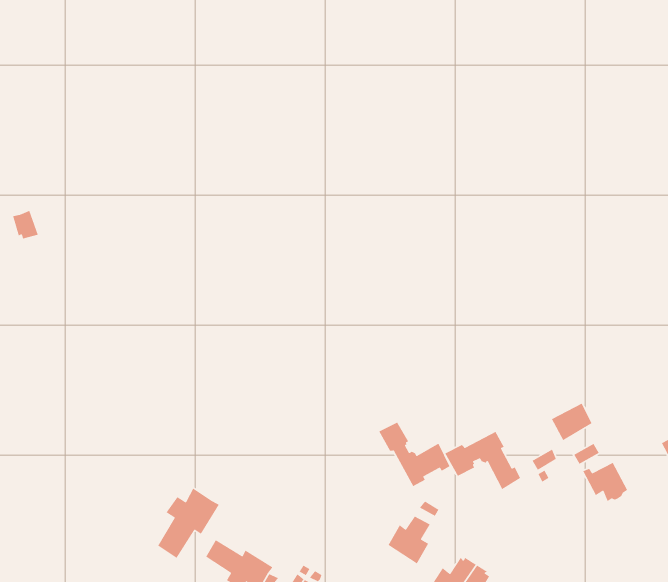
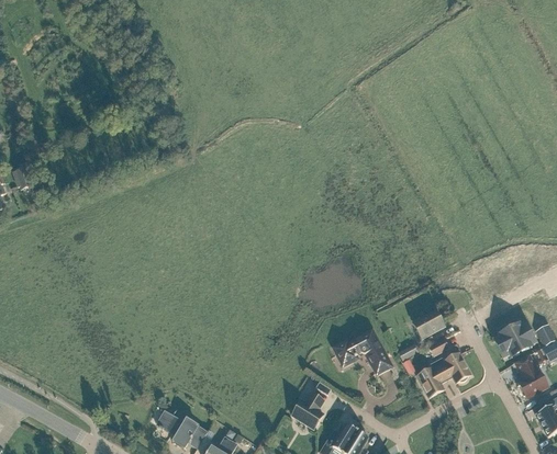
building: [378,421,451,487] -> none
building: none -> [416,360,446,397]
building: [157,487,220,559] -> none

